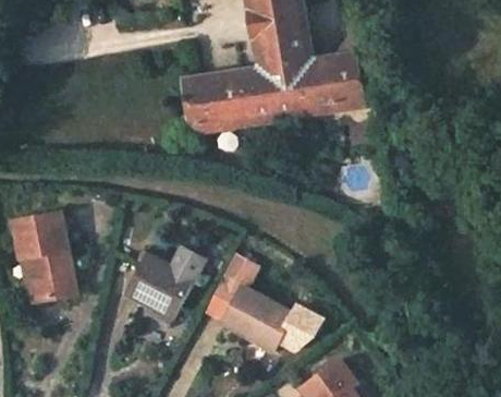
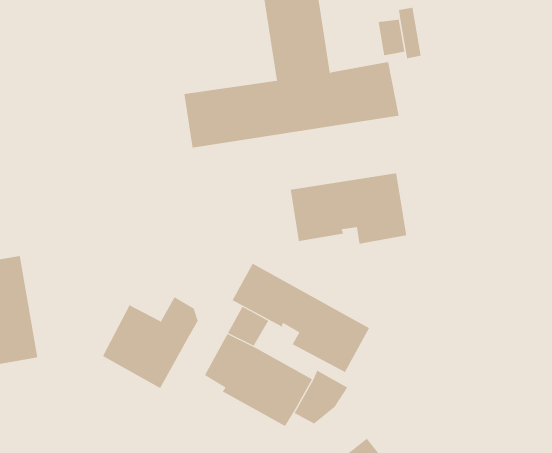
building: none -> [290,173,407,245]
building: none -> [232,263,370,373]

